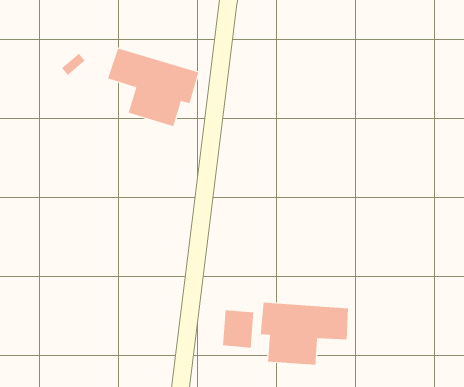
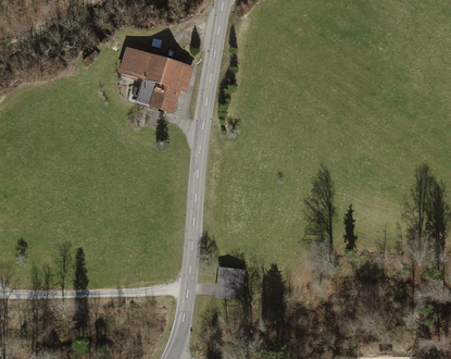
building: [260,302,348,365] -> none

